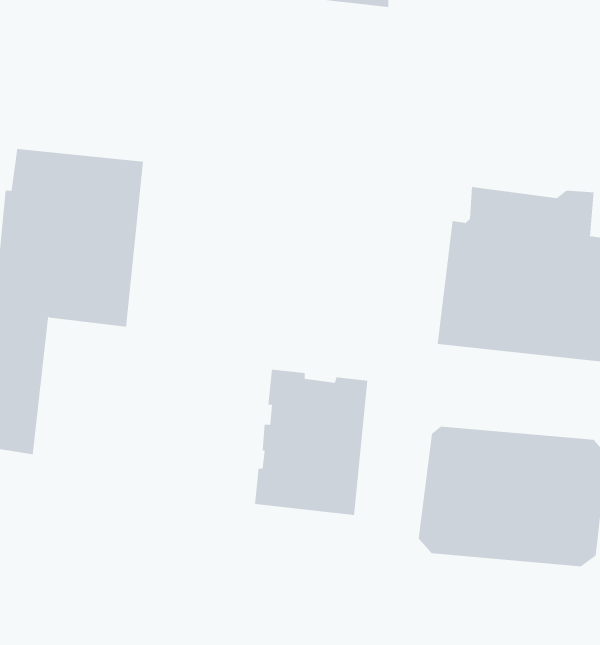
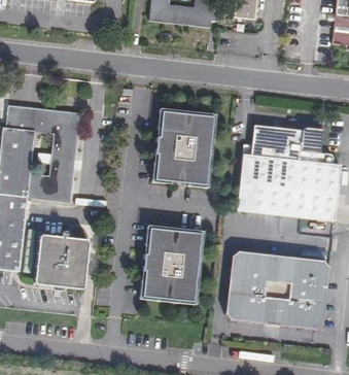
building: none -> [152,107,215,185]
building: none -> [34,234,89,288]

